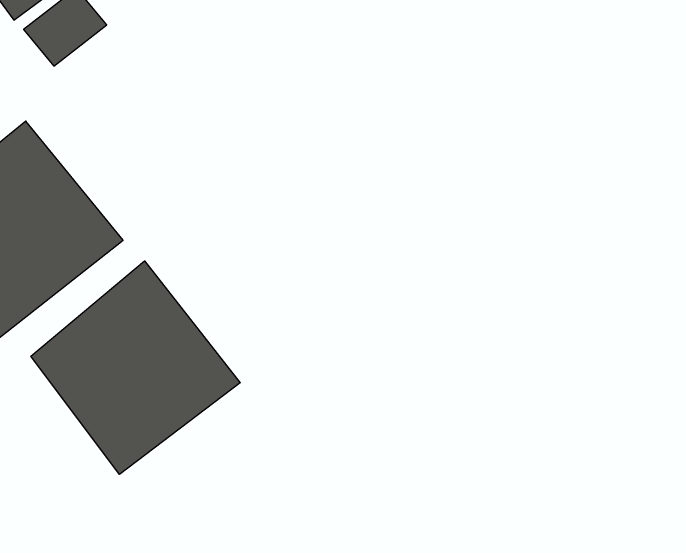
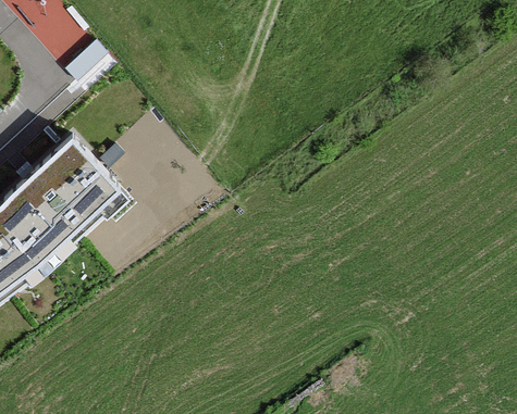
building: [31,261,240,474] -> none

